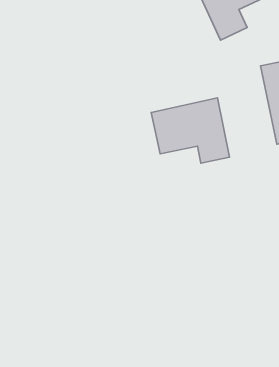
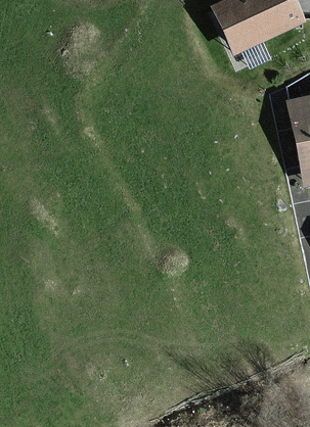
building: [151,98,230,163] -> none

